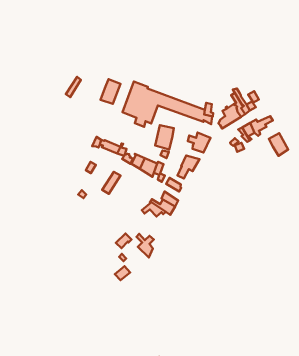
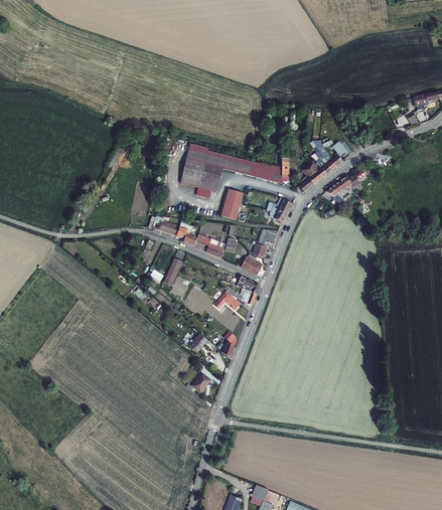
building: [100,79,121,104] -> none
building: [269,133,288,156] -> none

